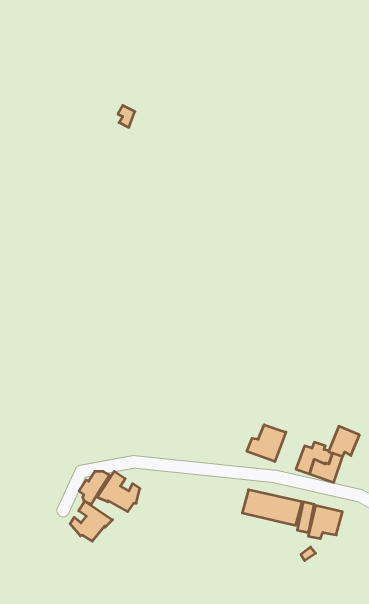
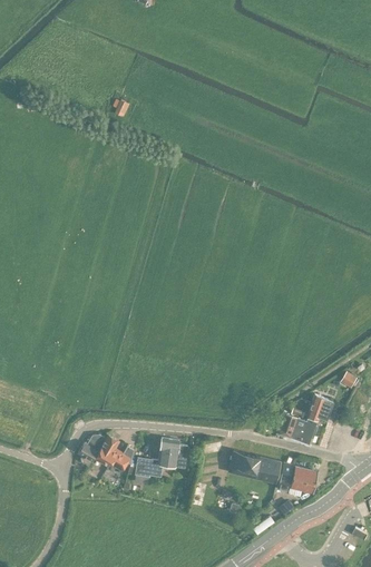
building: [247,425,286,462] -> none
building: none -> [149,438,187,476]
building: [70,501,113,541] -> none

